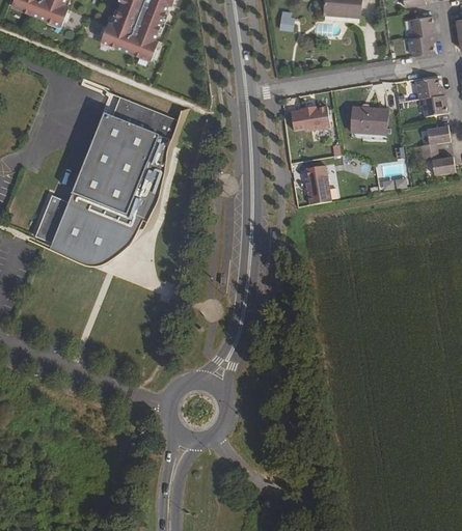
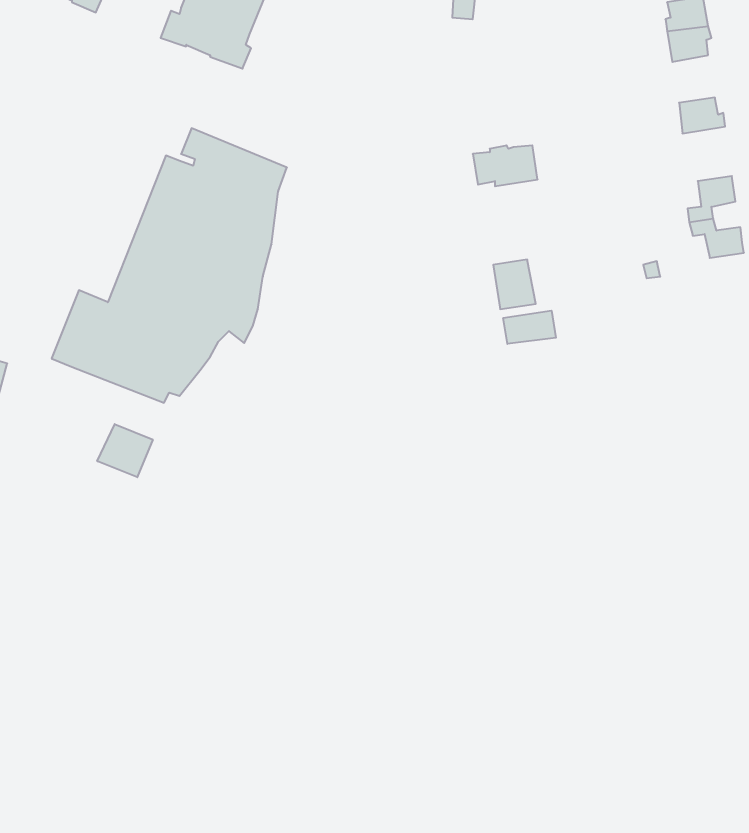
building: [417,94,445,116] -> none
building: [349,106,386,134] -> none
building: none -> [503,311,556,344]
building: none -> [97,424,153,477]

